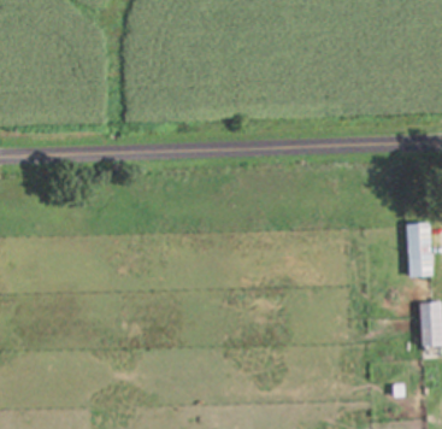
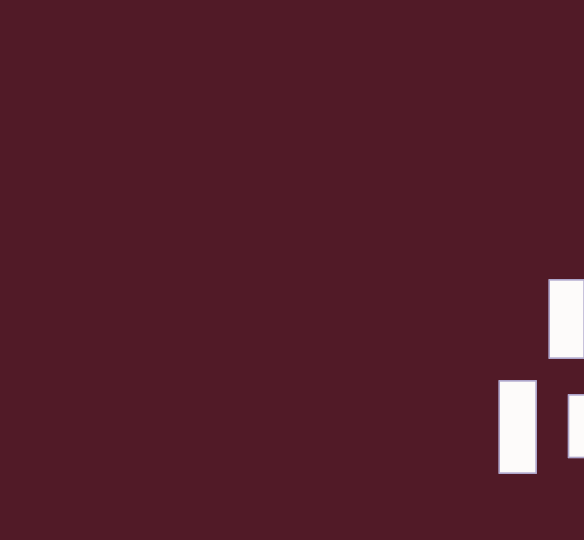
building: none -> [499,381,536,473]

